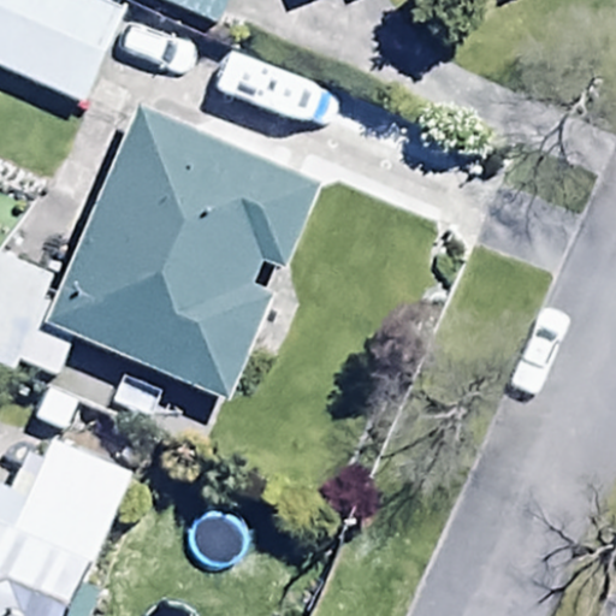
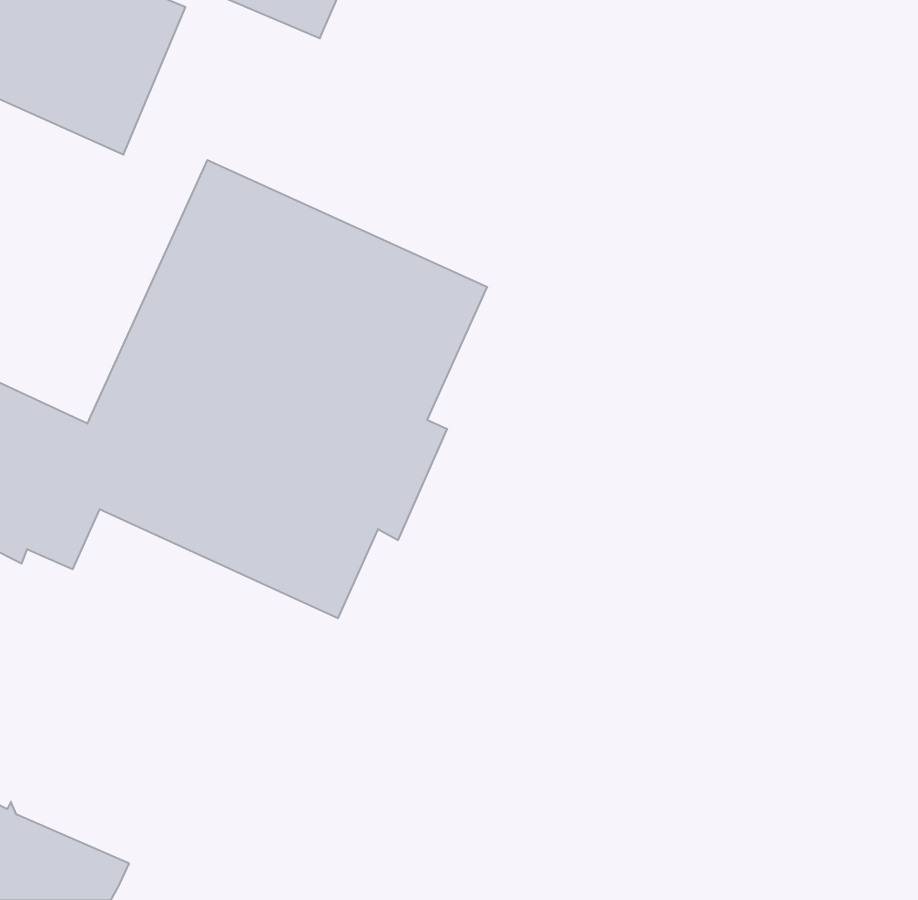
building: [7,437,128,571] -> none

